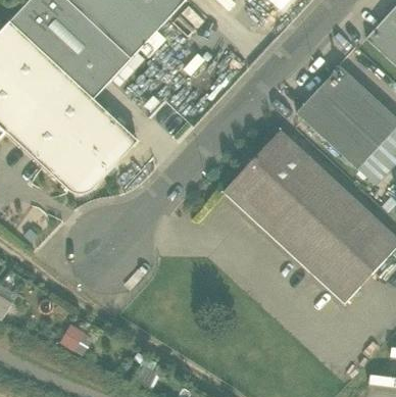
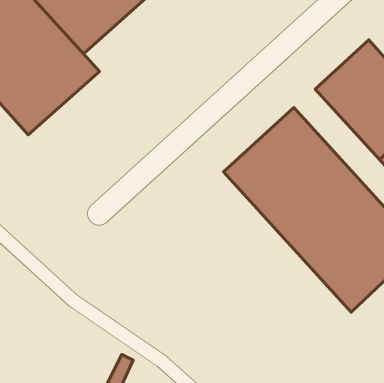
building: [50,112,137,193] -> none
building: [59,321,93,353] -> none

